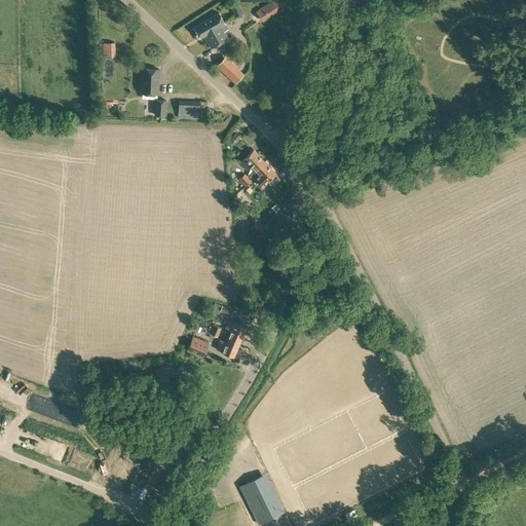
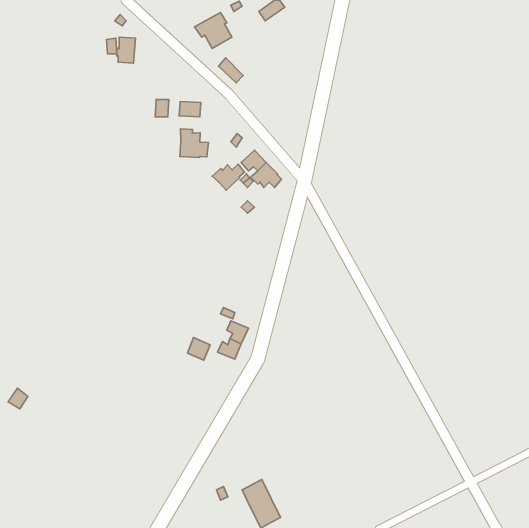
building: [141,69,159,95] -> [117,37,136,63]
building: none -> [180,129,208,157]
building: none -> [212,164,244,190]

